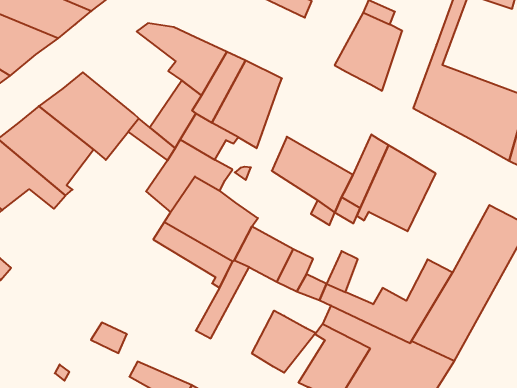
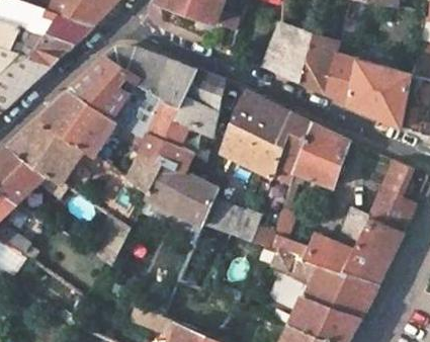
building: none -> [302,33,340,92]
building: none -> [70,54,141,117]
building: none -> [232,89,296,148]
building: [252,311,316,373] -> none

